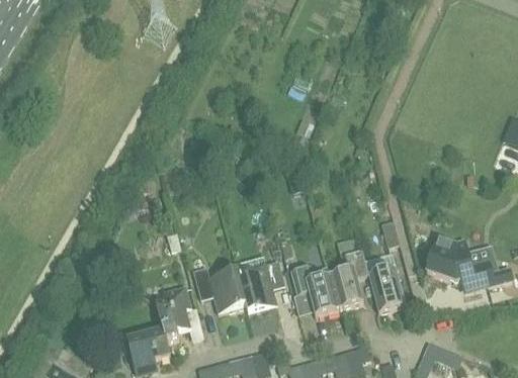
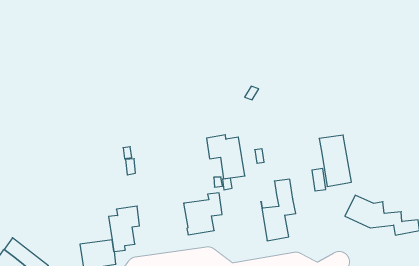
building: [363,251,406,311] -> [319,135,351,187]
building: [290,264,339,314] -> [207,135,245,179]
building: [192,266,247,311] -> none

